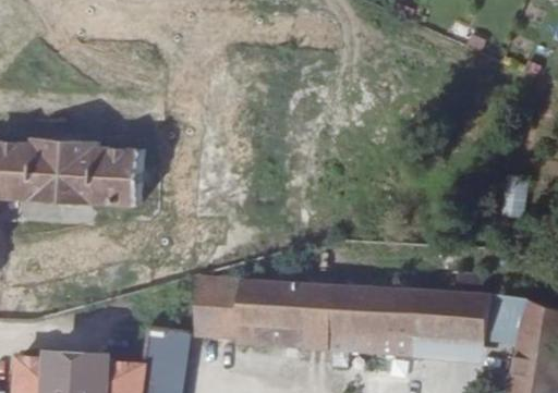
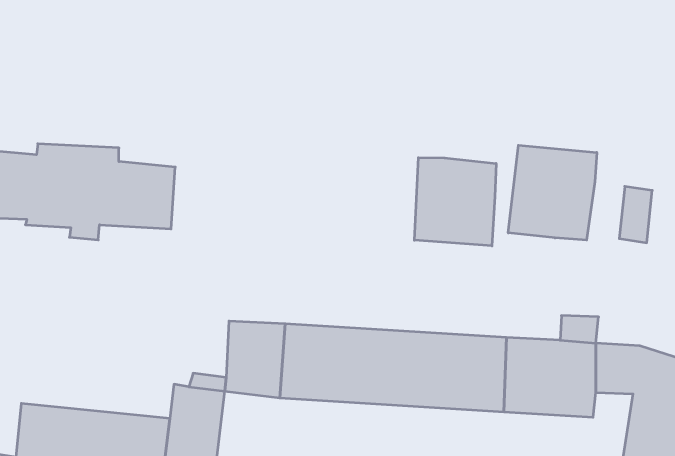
building: none -> [508,145,597,240]
building: none -> [414,158,496,246]

